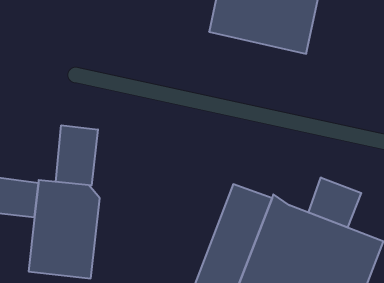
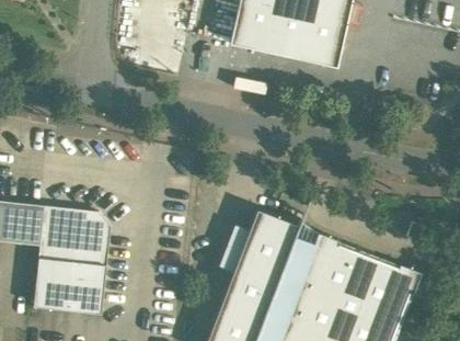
building: [56,125,98,185] -> none
building: [309,177,361,228] -> none

